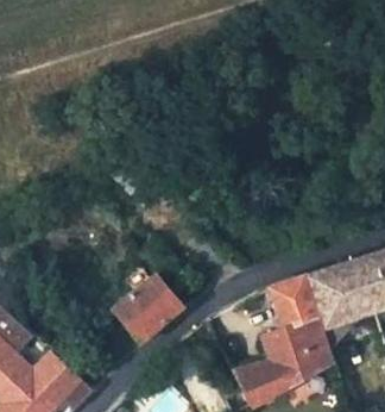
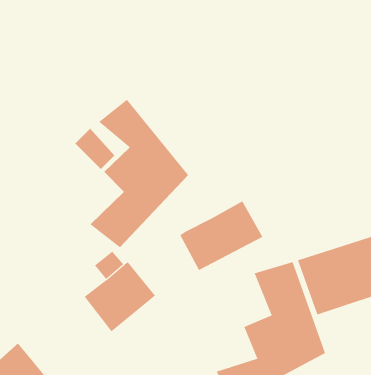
building: none -> [90,99,189,248]
building: none -> [179,201,263,271]

